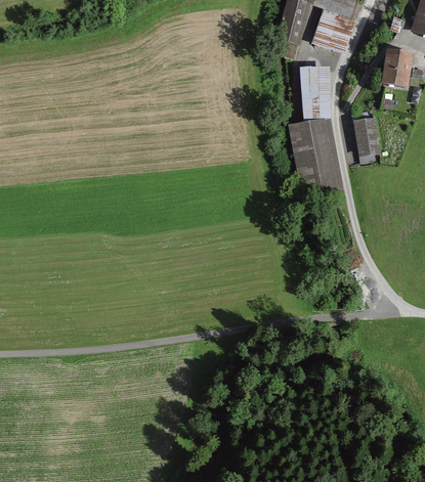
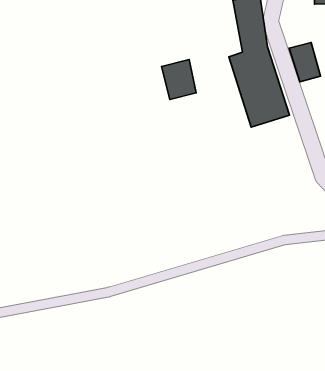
building: none -> [162,60,196,99]

